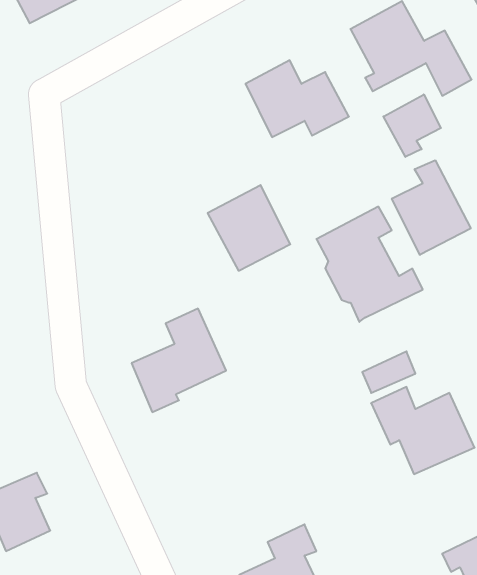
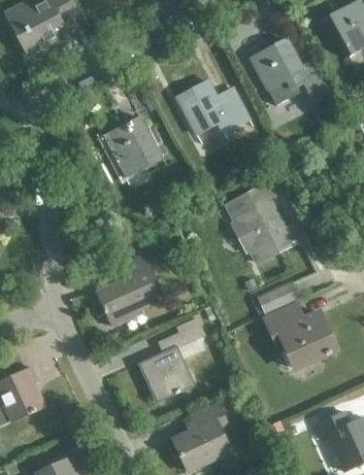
building: [383,94,441,157] -> none
building: [392,160,471,255] -> none
building: [208,185,290,271] -> [102,117,160,177]
building: none -> [139,318,204,399]

